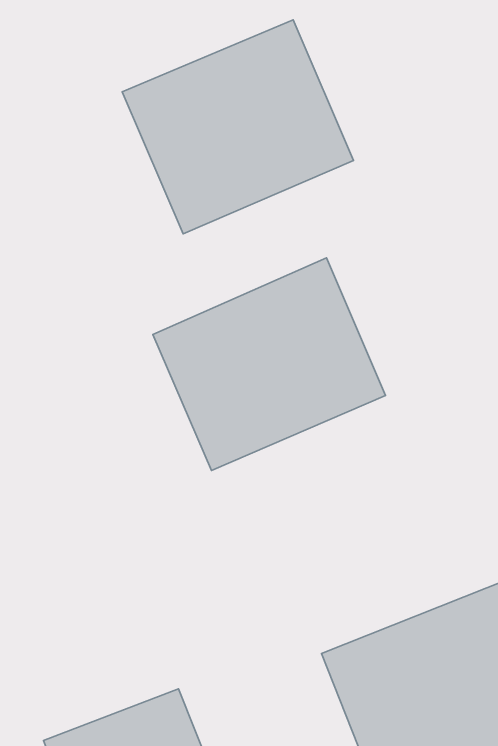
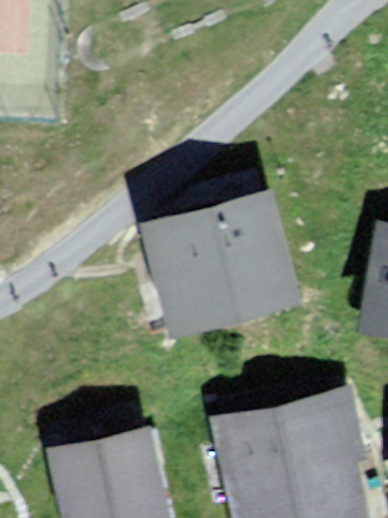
building: [122,20,354,234] -> none

